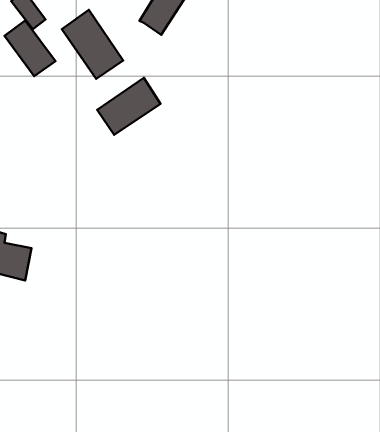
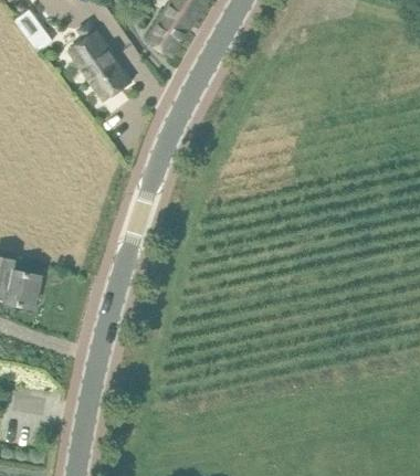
building: [4,20,56,76] -> none
building: [97,78,161,135] -> none

